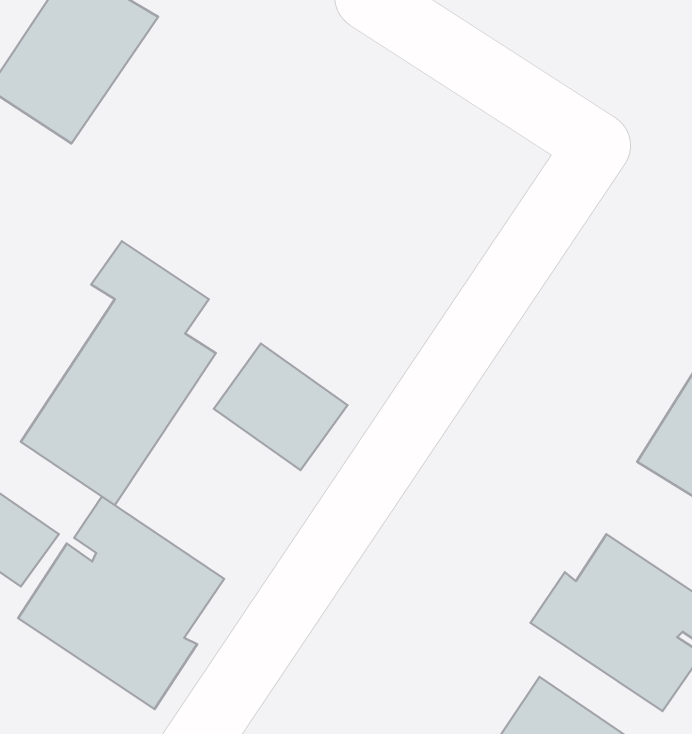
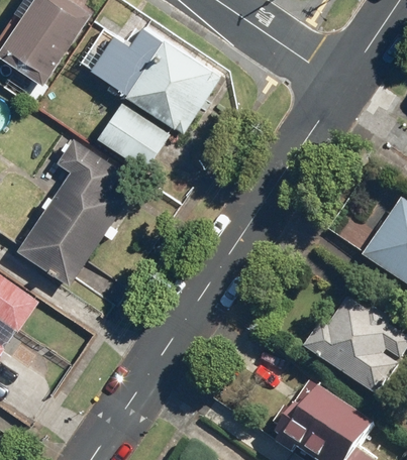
building: none -> [92,25,221,131]
building: [214,344,348,470] -> [96,99,171,169]
building: [18,496,224,709] -> none

